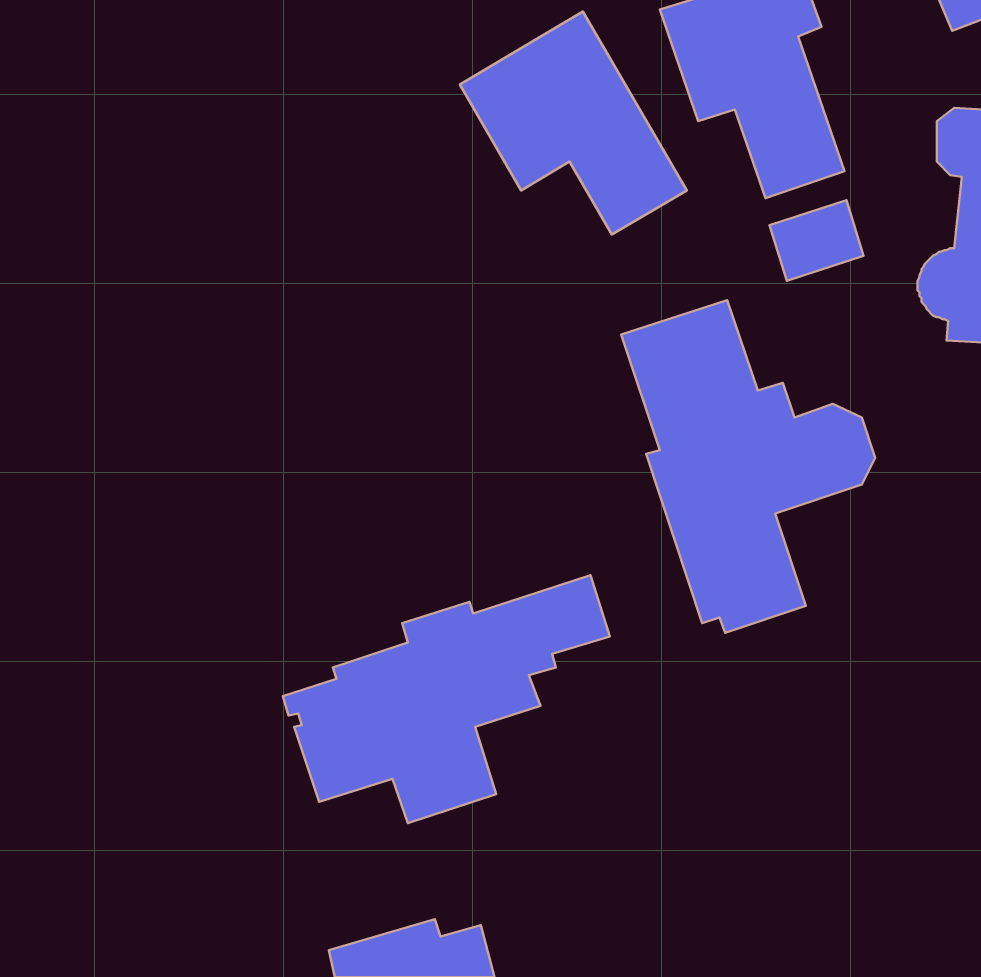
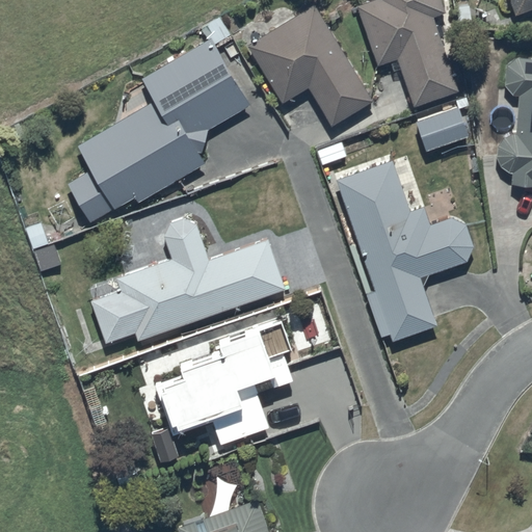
building: none -> [69,16,249,222]
building: none -> [91,218,285,344]

